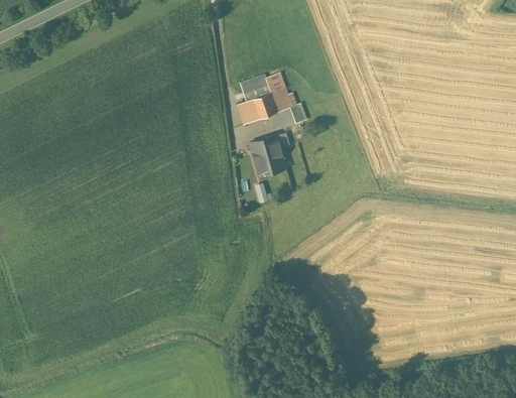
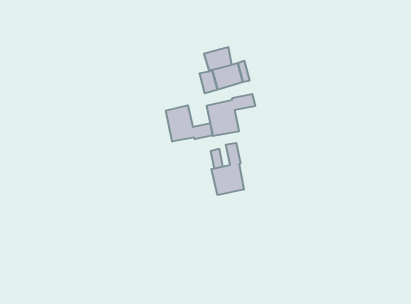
building: none -> [166,105,212,142]
building: none -> [211,143,244,195]

